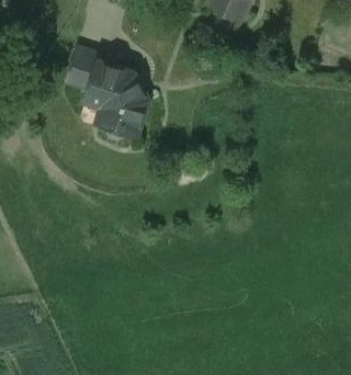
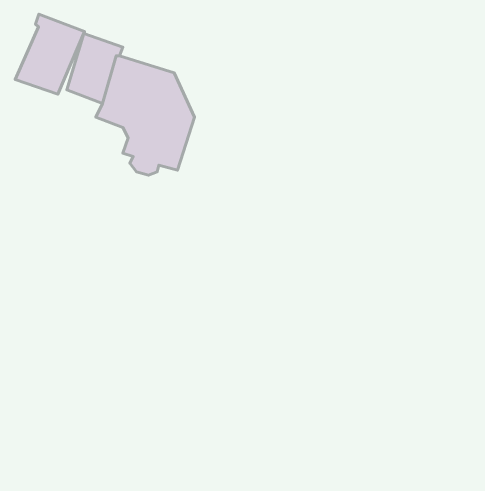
building: none -> [15,14,85,94]

